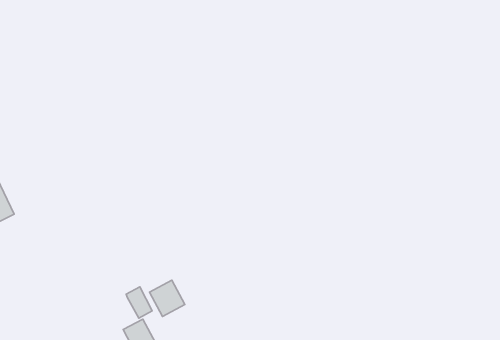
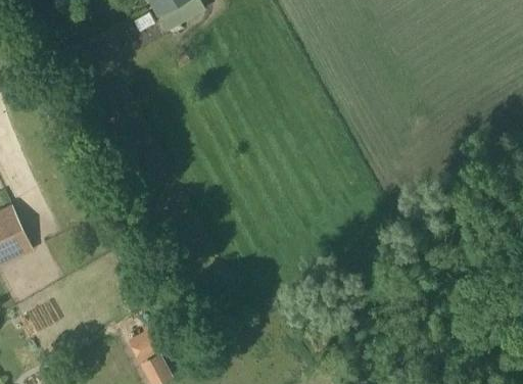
building: [149,280,185,317] -> none

